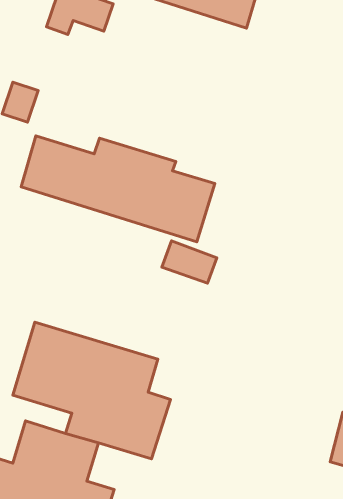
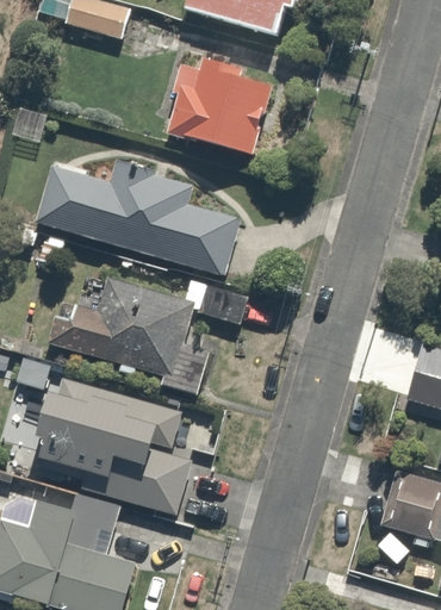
building: none -> [166,43,282,156]
building: none -> [39,275,204,394]

